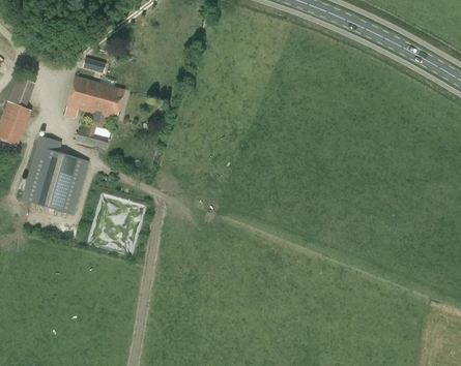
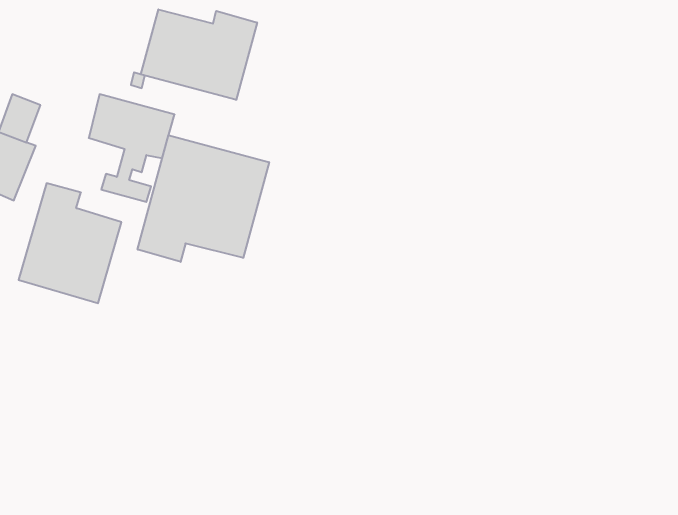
building: none -> [141,9,257,100]
building: none -> [138,135,269,262]

